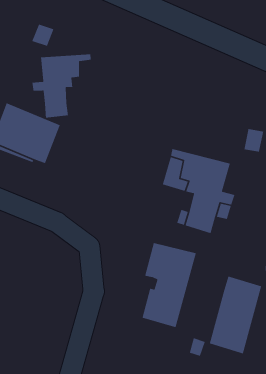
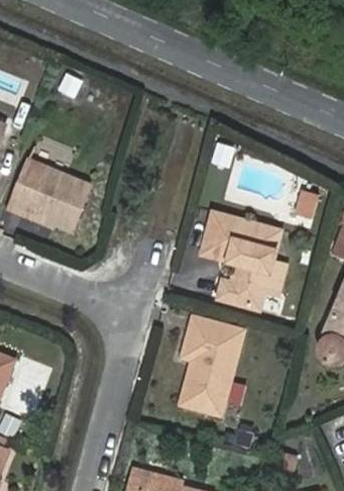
building: [32,53,91,118] -> none
building: [209,275,262,354] -> none

